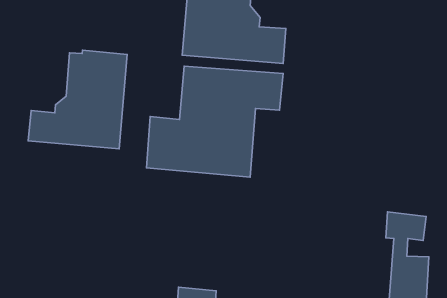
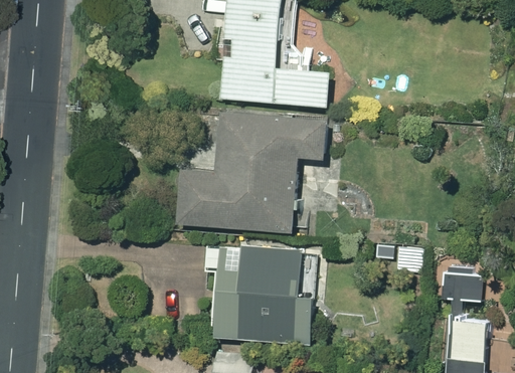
building: [28,50,127,149] -> none
building: none -> [213,244,313,345]

